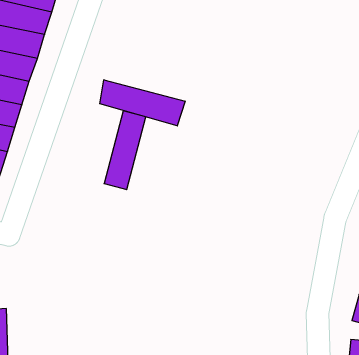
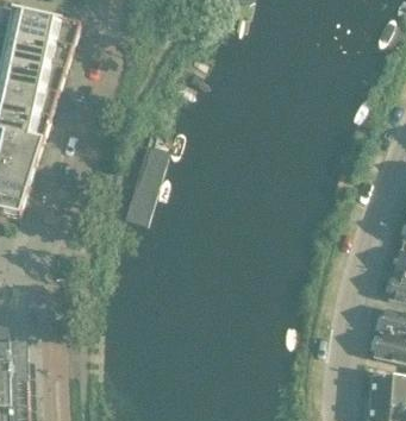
building: [100,80,185,126] -> none

